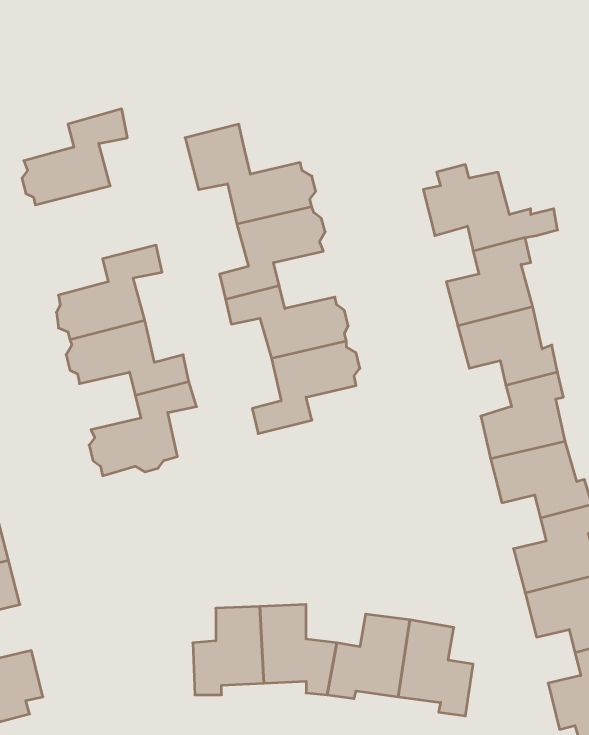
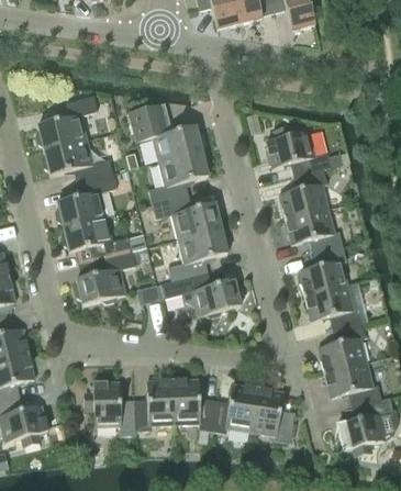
building: none -> [42,137,113,179]
building: none -> [161,271,243,315]
building: none -> [86,380,135,434]

